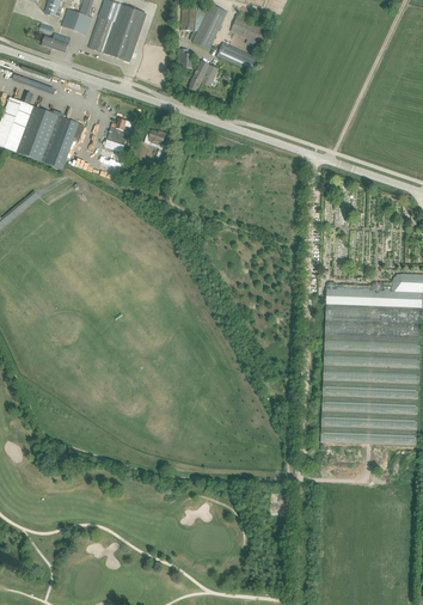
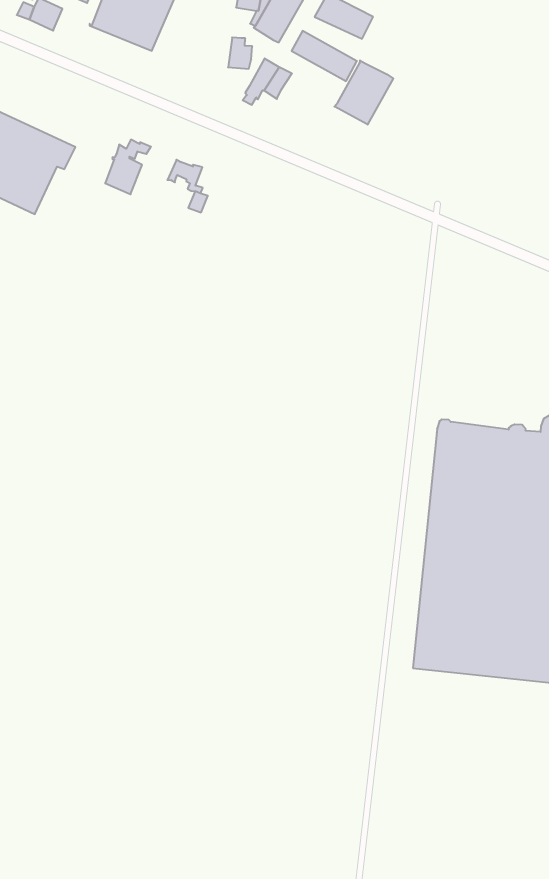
building: none -> [334,60,393,125]

